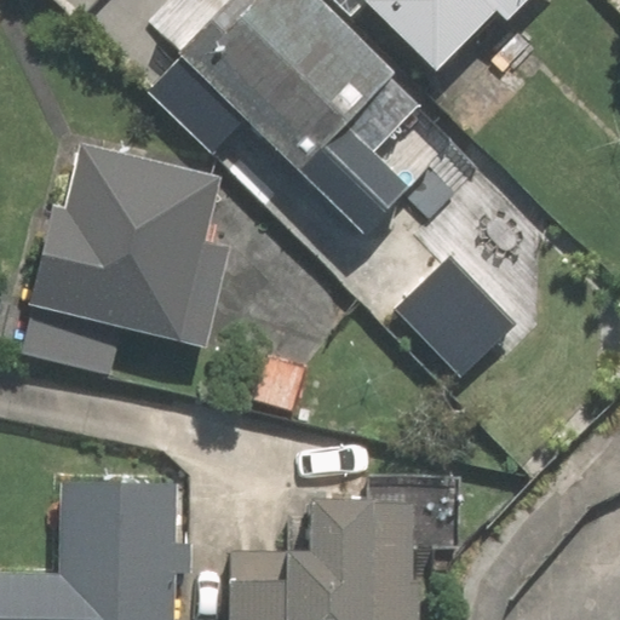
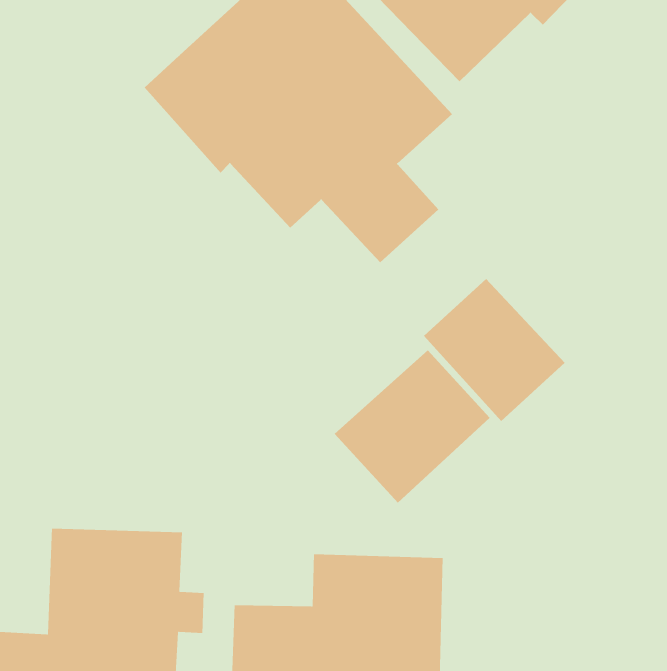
building: [29,144,229,349] -> none
building: none -> [334,350,490,504]

